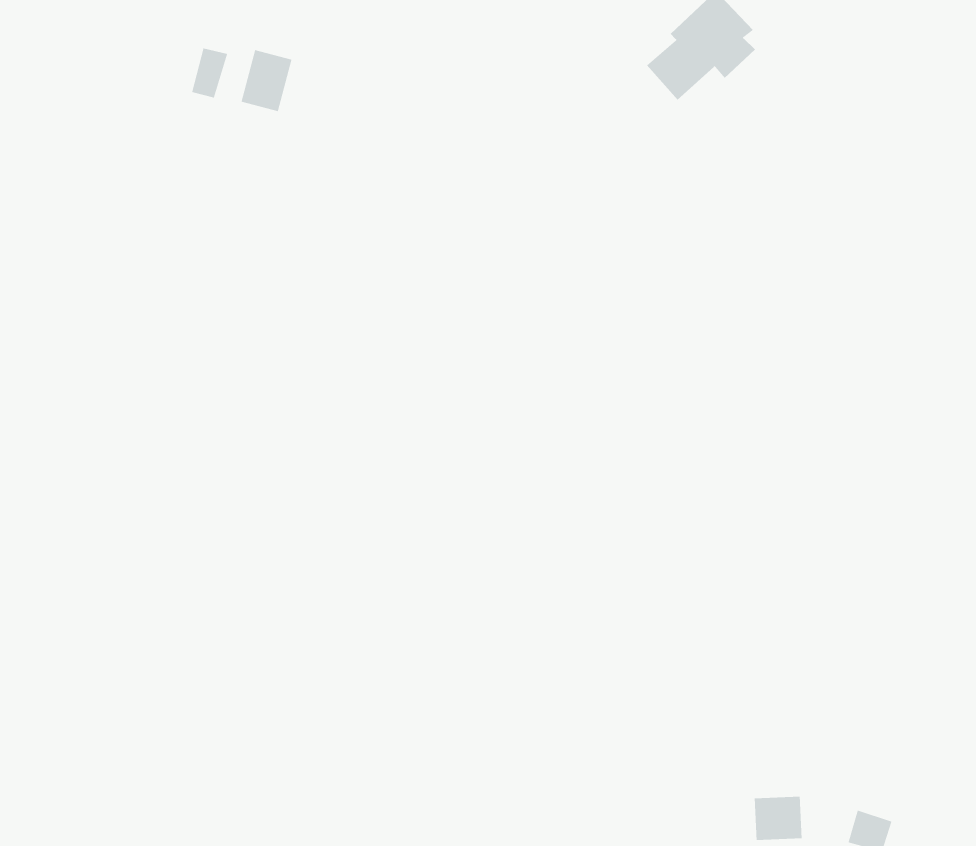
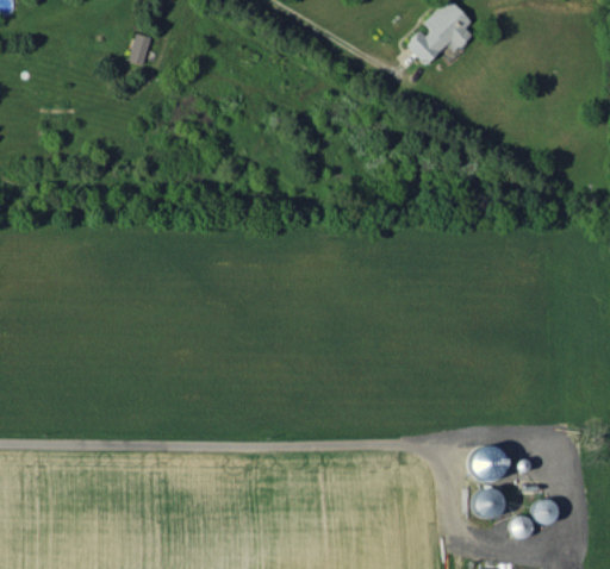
building: [241,49,293,112] -> none
building: none -> [471,446,502,480]

